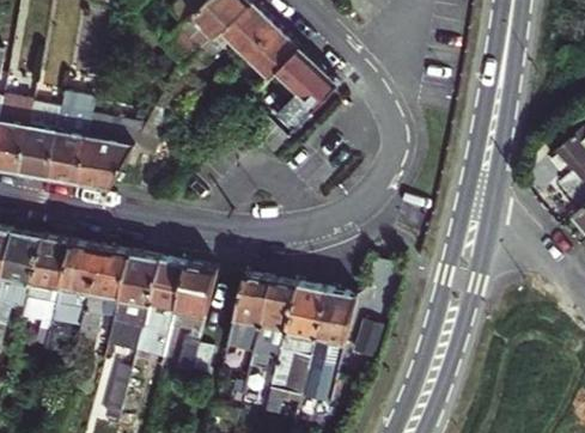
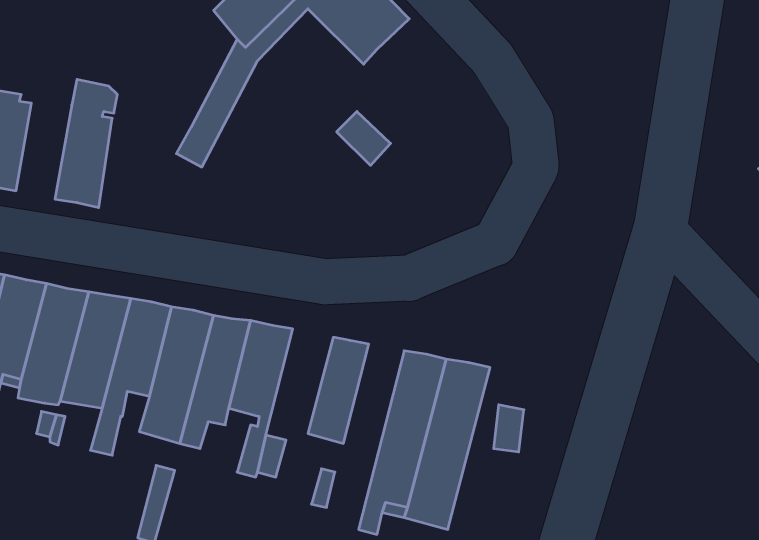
building: [274,50,335,132] -> none
building: [19,104,59,178] -> none
building: [78,116,144,190] -> none
building: [246,281,294,372] -> none

